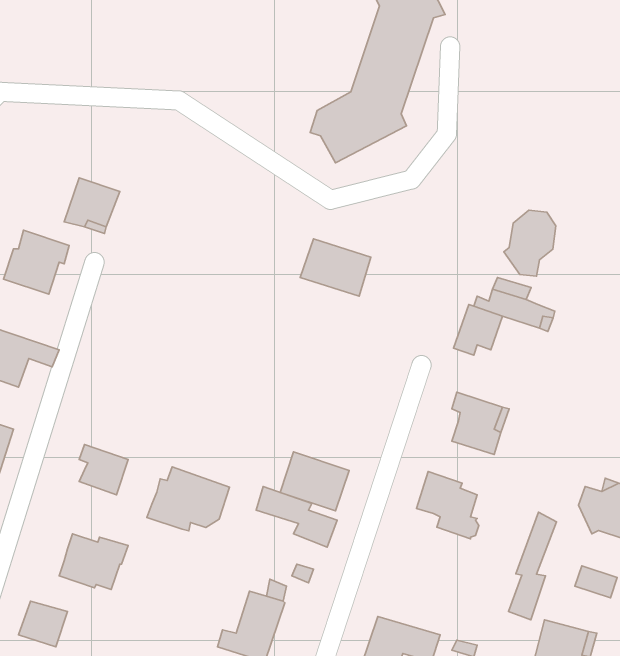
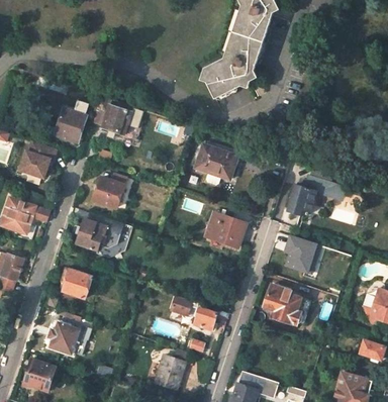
building: none -> [90,95,130,133]
building: [504,210,556,276] -> none
building: none -> [93,174,125,207]
building: [280,452,349,511] -> [203,212,245,247]
building: [147,467,229,531] -> [75,212,124,250]
building: [509,512,557,620] -> none

